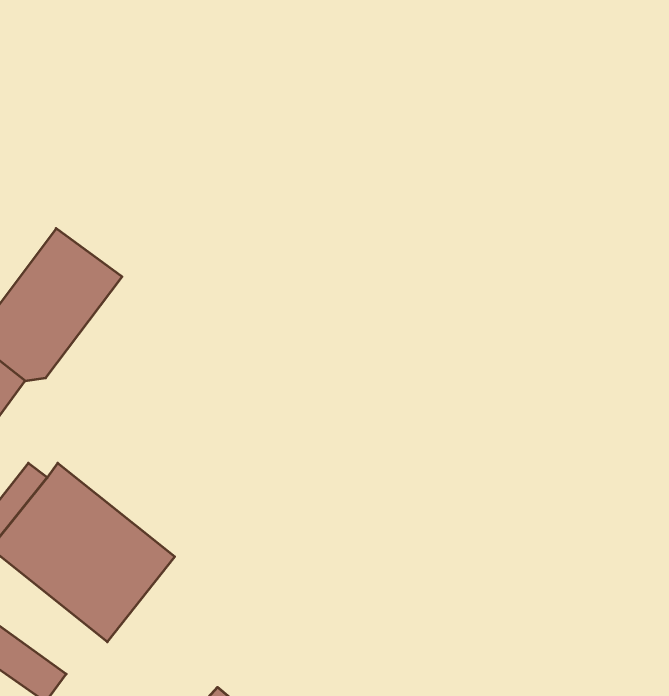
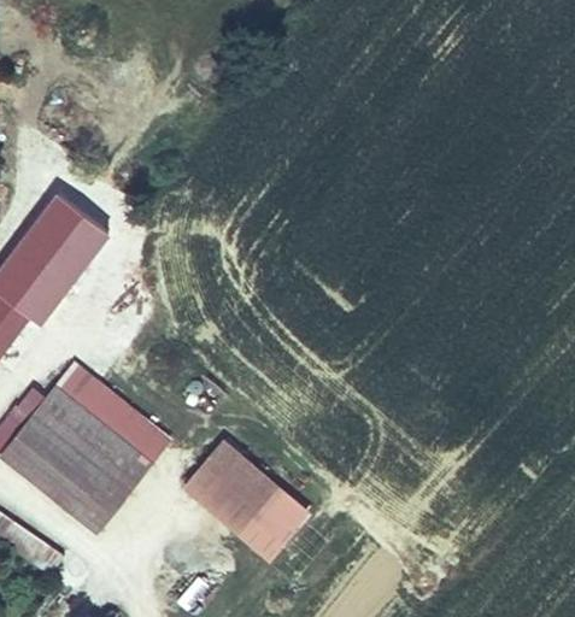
building: none -> [57,364,171,463]
building: none -> [182,440,312,563]

